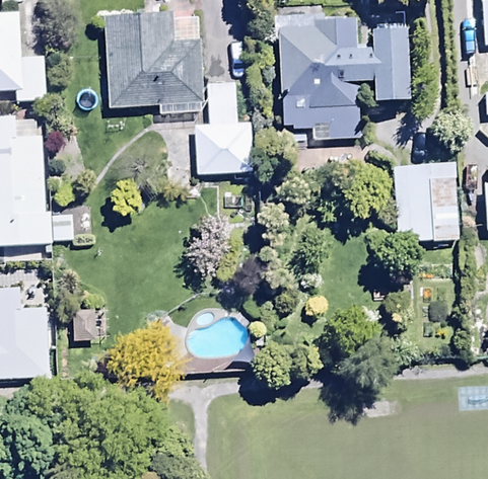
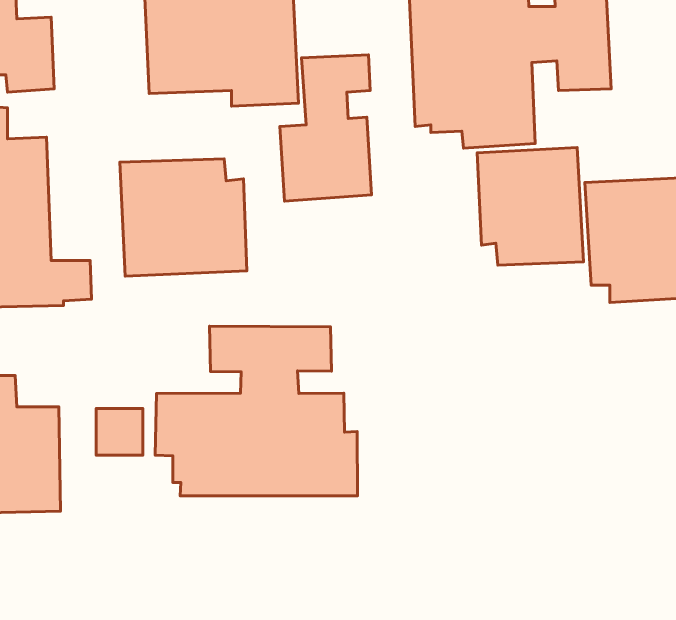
building: none -> [477,148,583,265]
building: none -> [120,159,247,276]
building: none -> [155,326,358,496]

